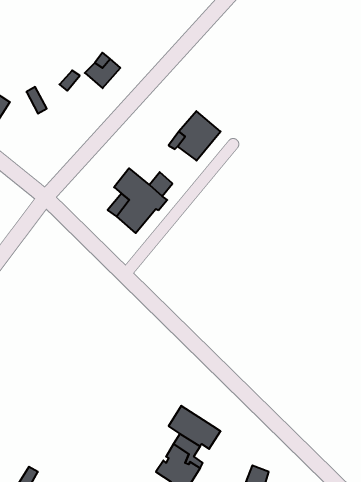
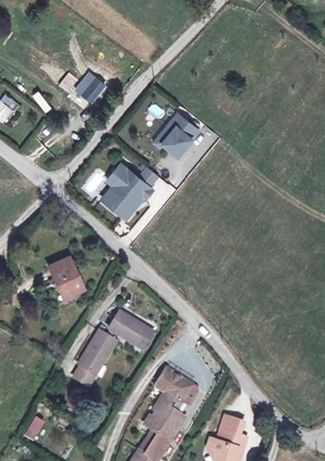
building: none -> [49,258,83,301]
building: none -> [107,312,151,351]
building: none -> [70,332,116,387]

